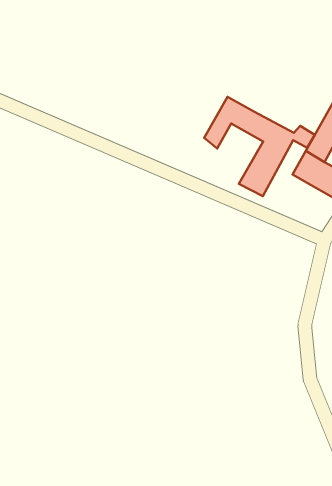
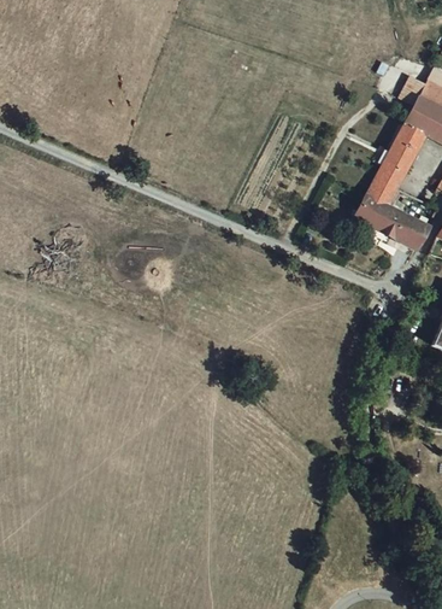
building: [204,97,315,196] -> none

